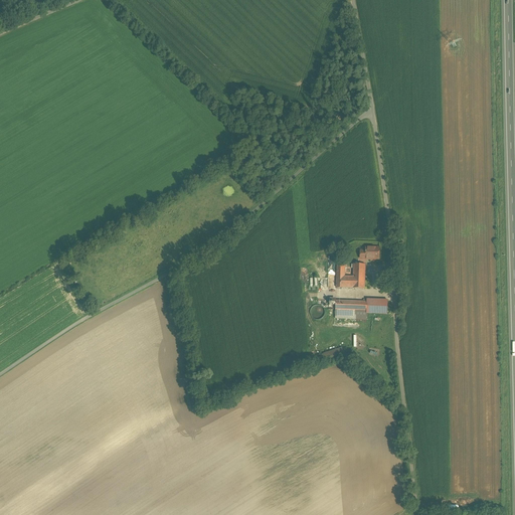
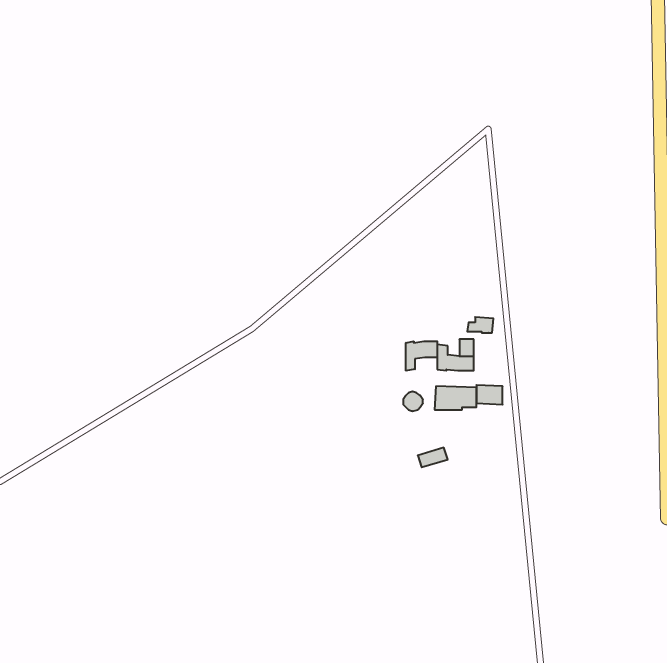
building: none -> [406,341,437,371]

